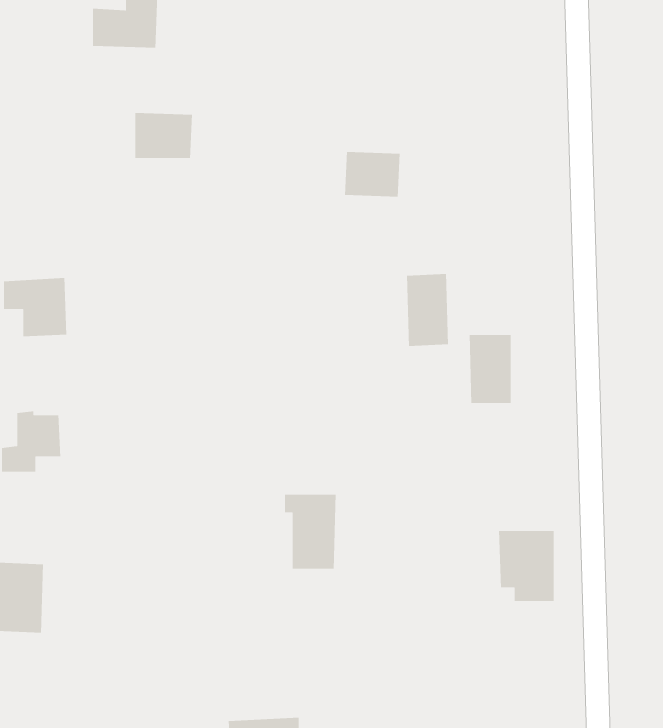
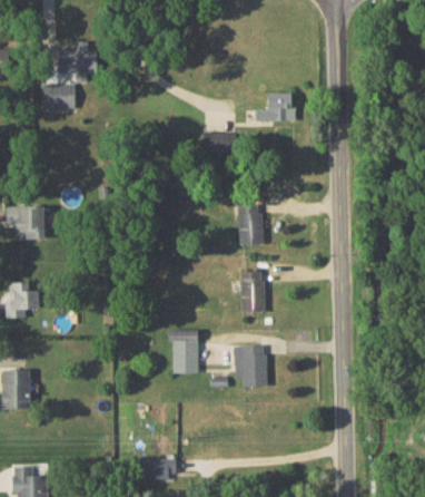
building: none -> [255,94,293,121]
building: [135,112,193,159] -> [42,84,76,110]
building: [469,334,511,404] -> [239,272,264,312]
building: [498,530,554,602] -> [234,345,266,387]

